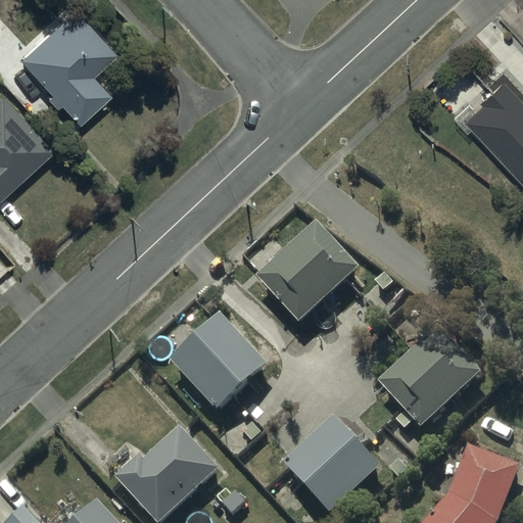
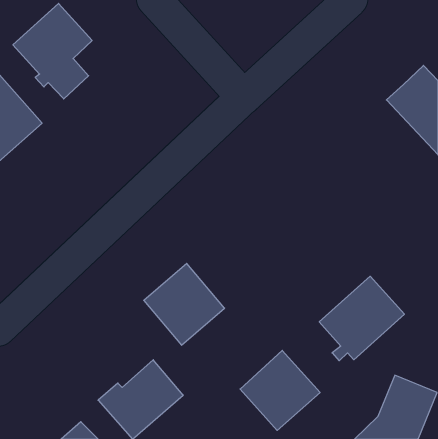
building: [256,221,360,322] -> none

